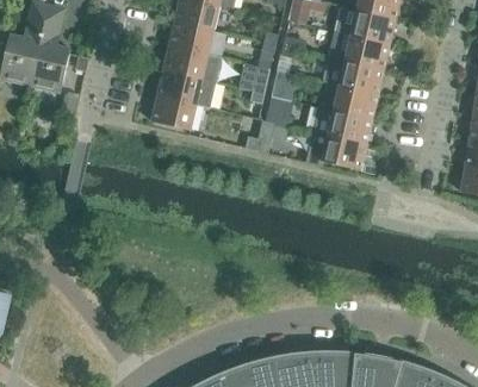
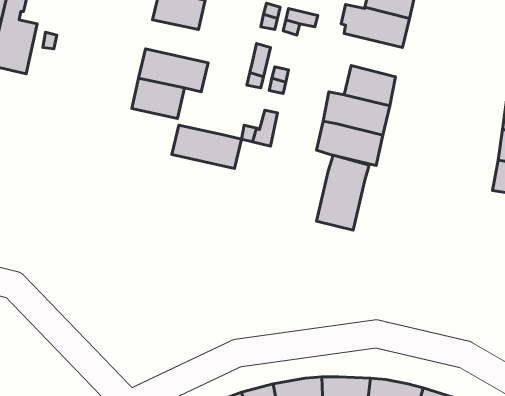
building: [162,45,222,82] -> [172,125,241,168]
building: [322,57,383,94] -> none
building: none -> [317,155,369,230]

